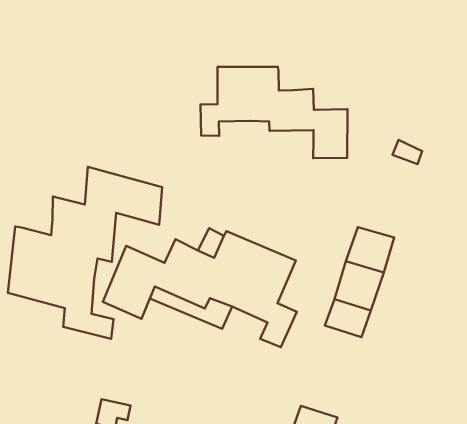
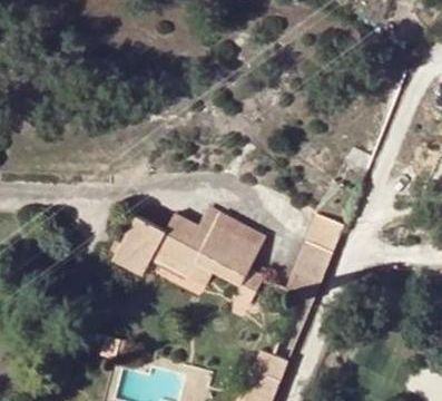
building: [201,67,348,158] -> none
building: [8,167,162,339] -> none

